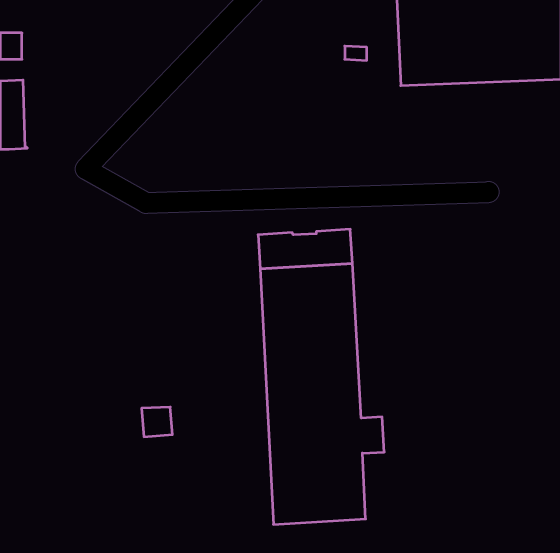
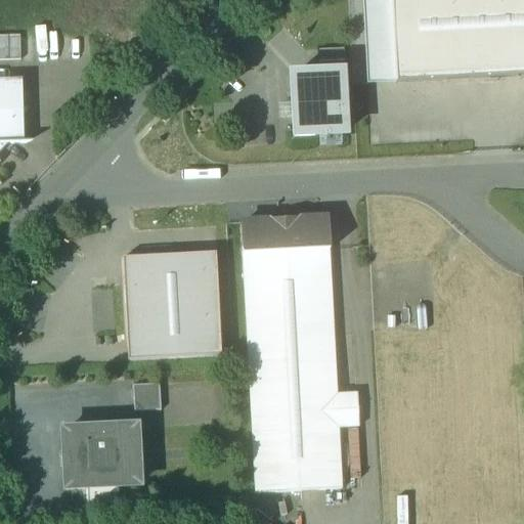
building: none -> [293,70,344,132]
building: none -> [123,249,221,356]
building: none -> [63,423,139,501]

